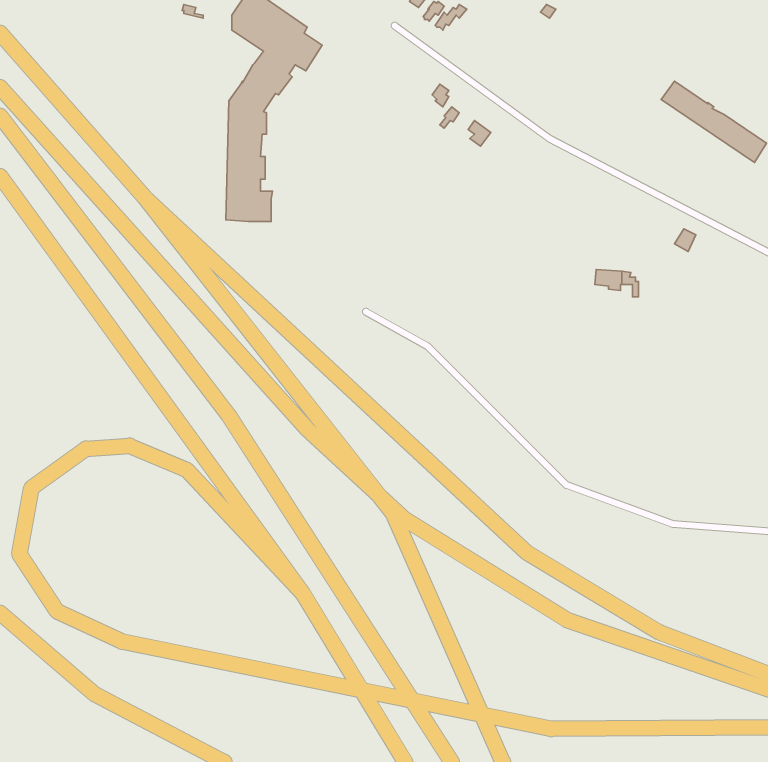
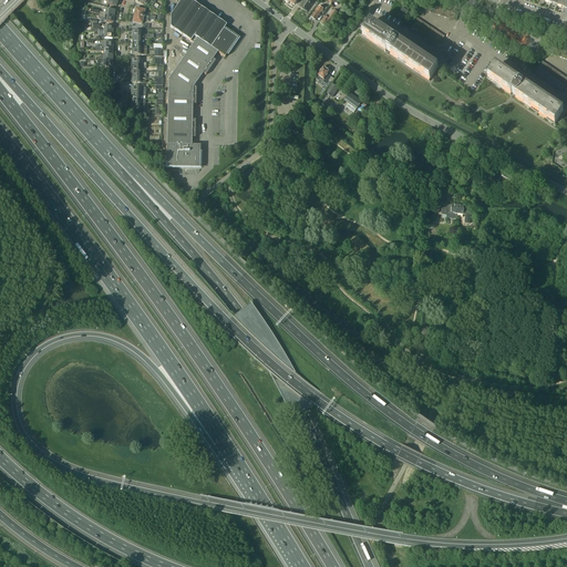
building: none -> [362,17,440,75]

